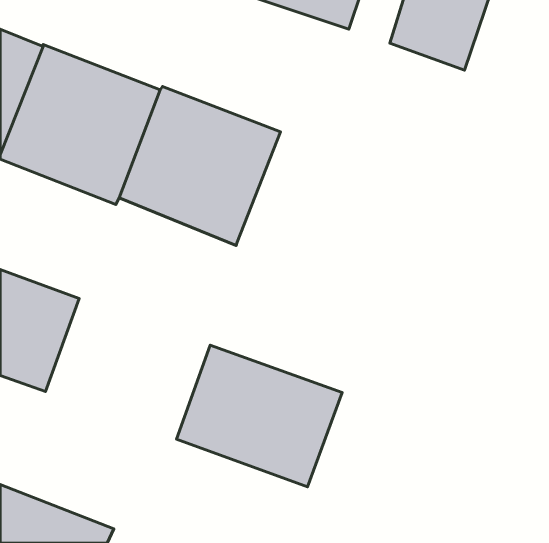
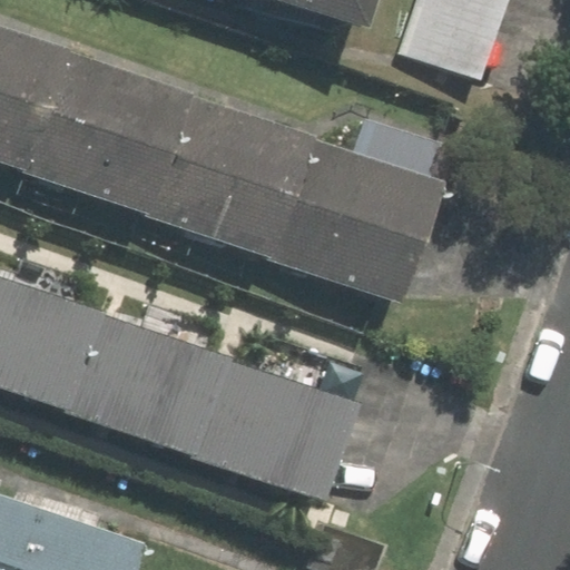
building: none -> [248,111,425,295]
building: none -> [51,307,220,452]

